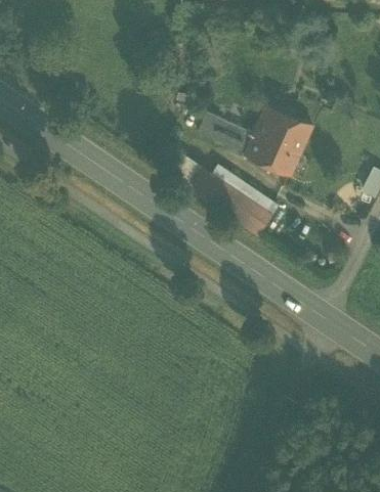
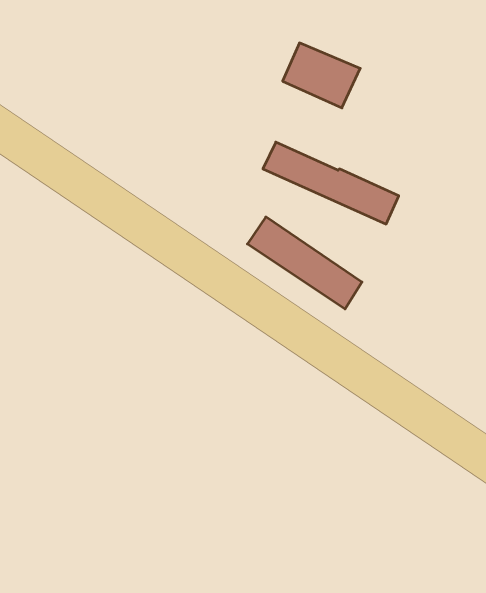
building: [256,107,312,154] -> [283,43,360,108]

